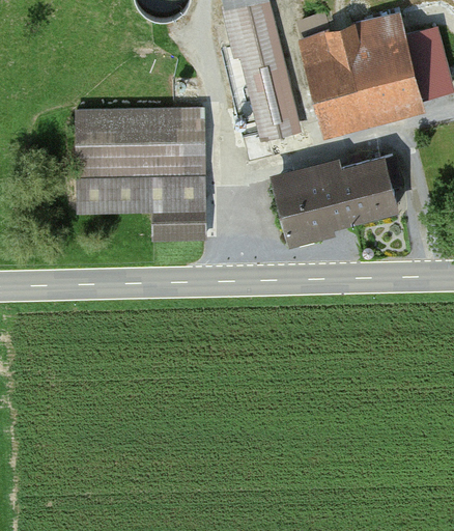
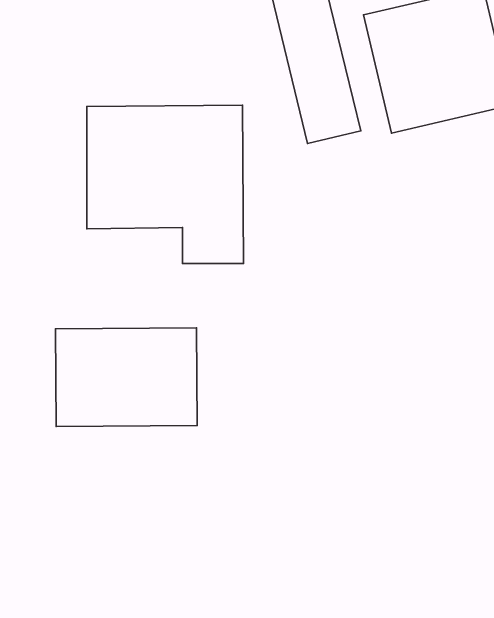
building: [272,157,396,236] -> none
building: none -> [56,328,197,427]

